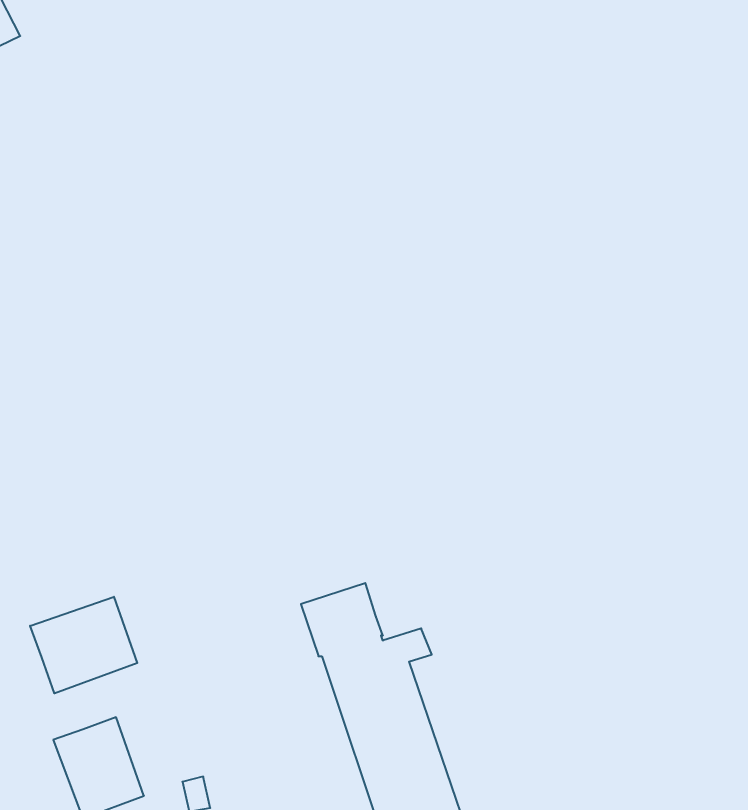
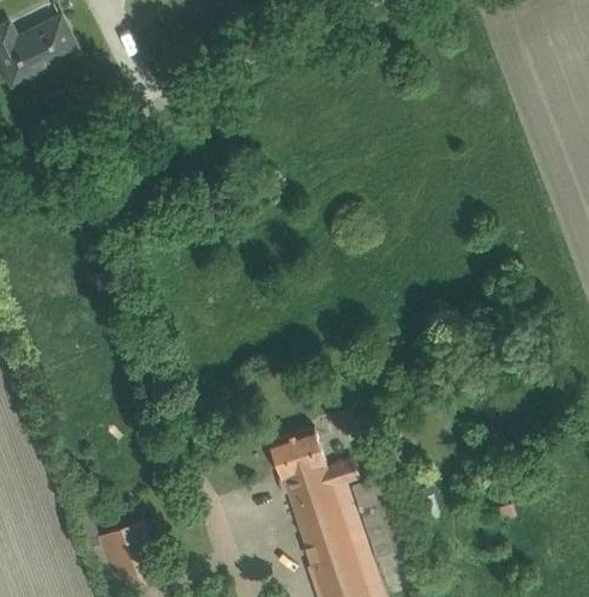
building: [30,597,137,693] -> none

